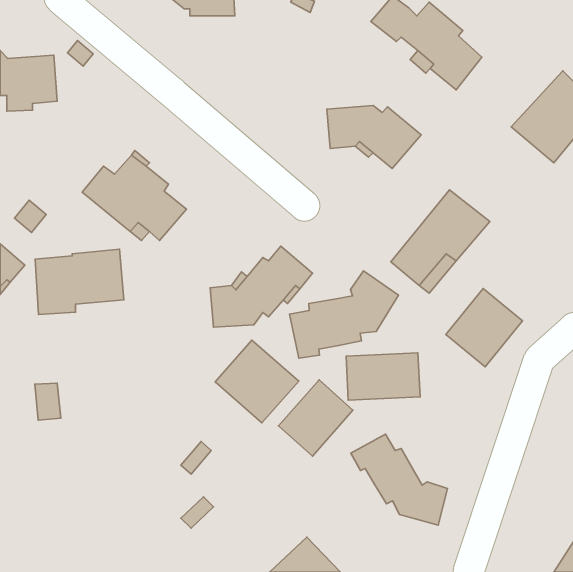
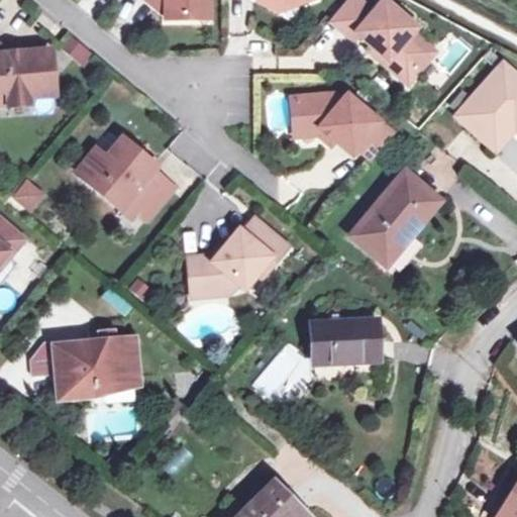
building: [35,249,124,314] -> [56,337,135,396]
building: [289,271,398,358] -> none
building: [446,289,522,367] -> none
building: [215,340,299,423] -> none
building: [351,434,448,525] -> none

